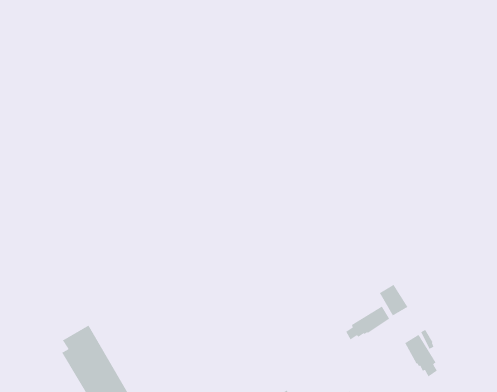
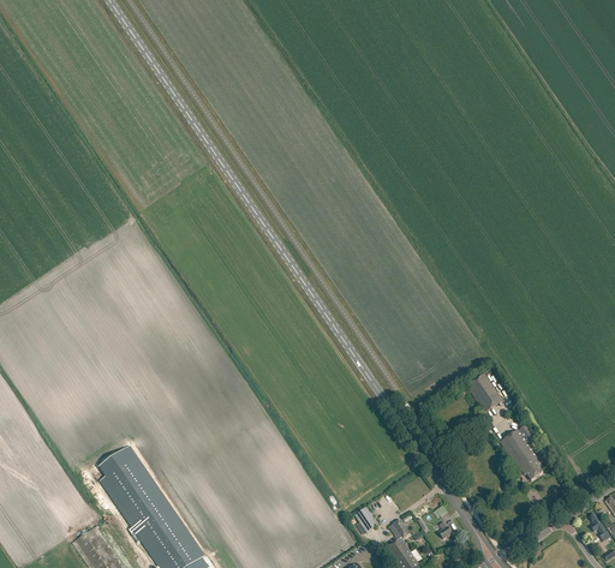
building: [345,306,390,341] -> none

